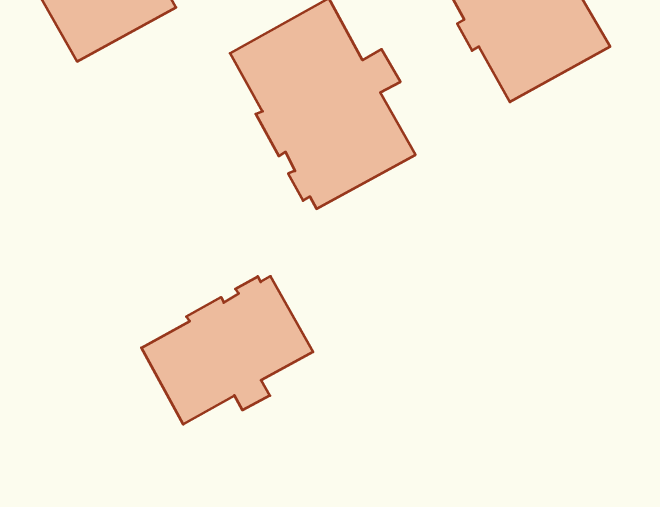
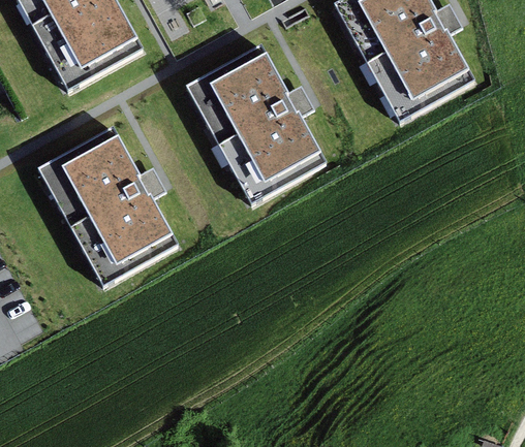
building: none -> [37,126,180,287]
building: [141,276,313,424] -> none

